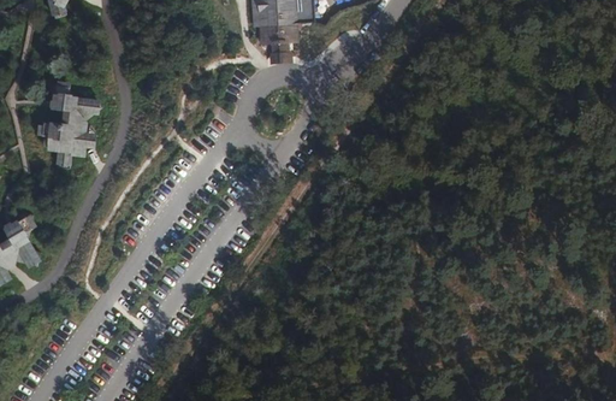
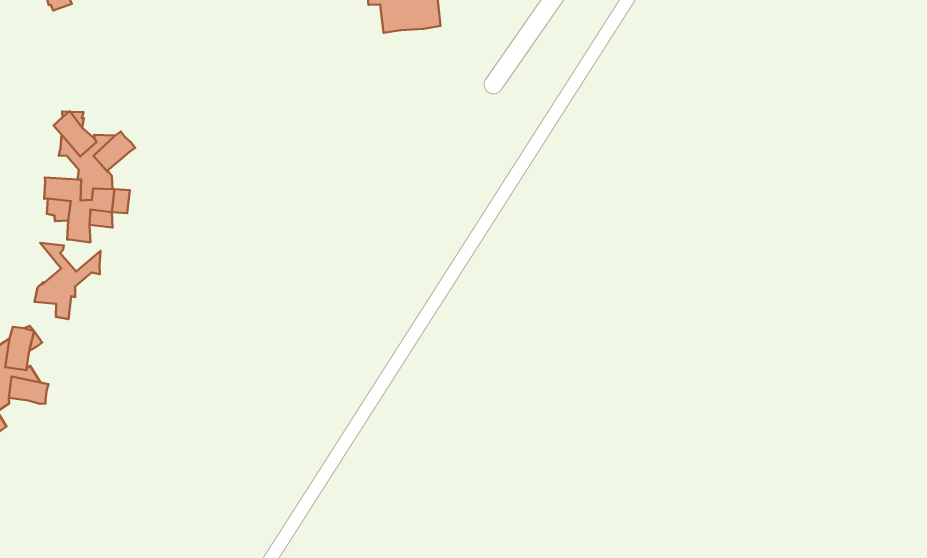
building: none -> [34,243,100,319]

